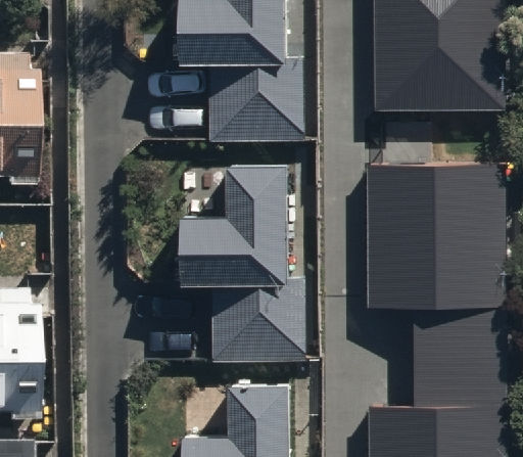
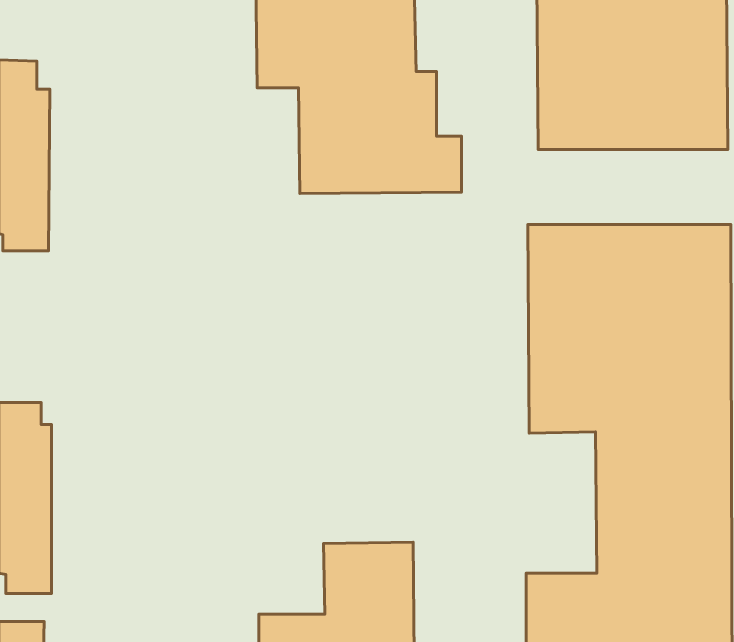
building: [176,166,303,363] -> none

